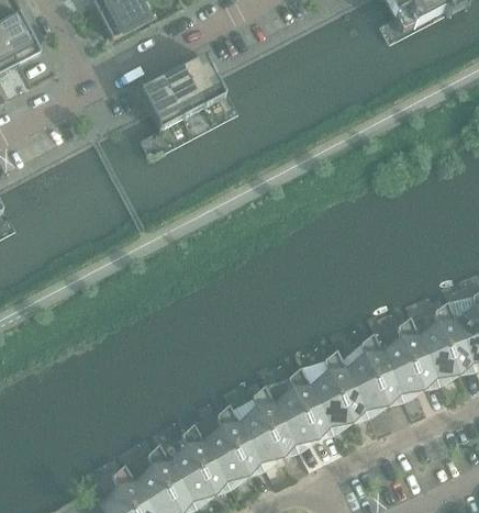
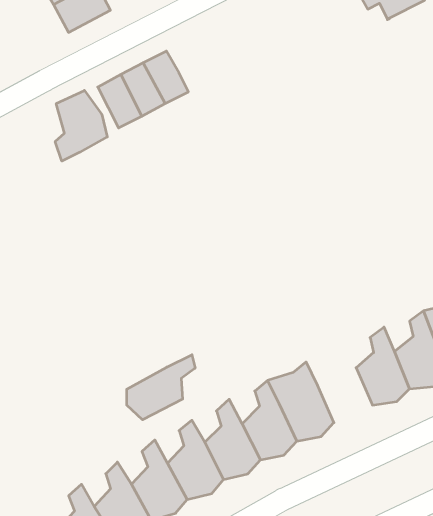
building: none -> [55,90,107,161]
building: [347,333,399,406] -> none
building: none -> [127,355,195,420]

